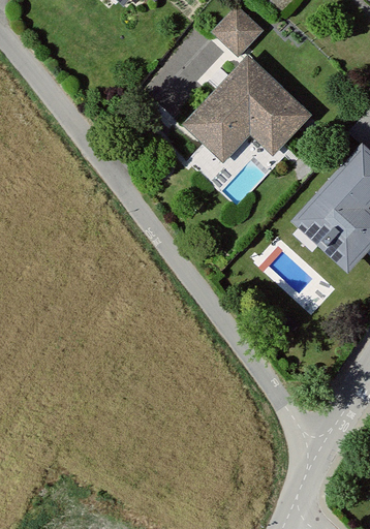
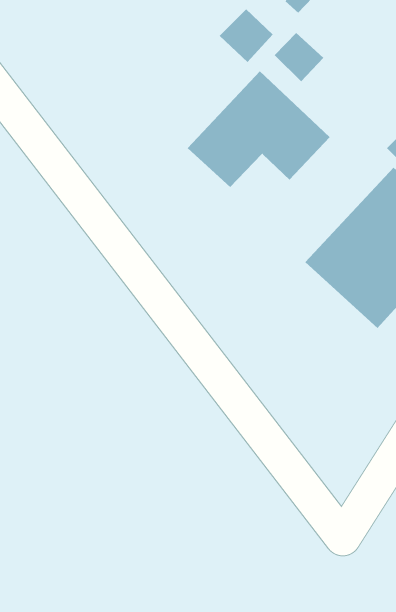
building: none -> [274,32,324,82]

